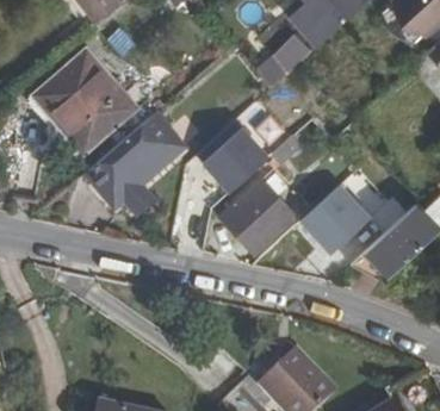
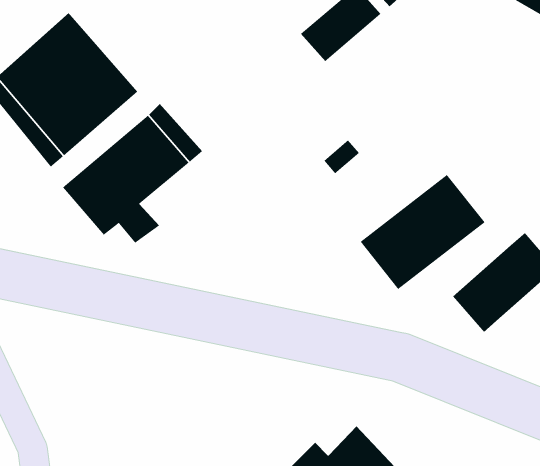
building: [198,120,268,191] -> none
building: [222,179,296,250] -> none

